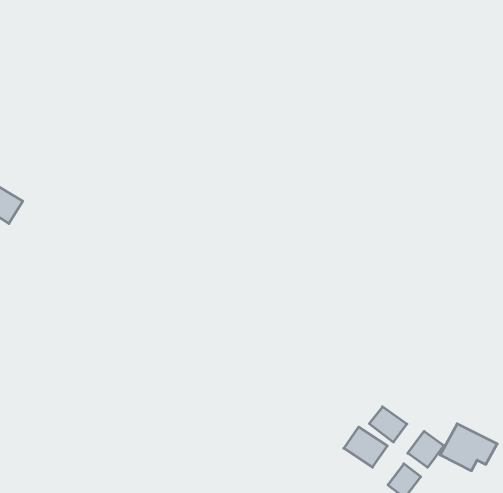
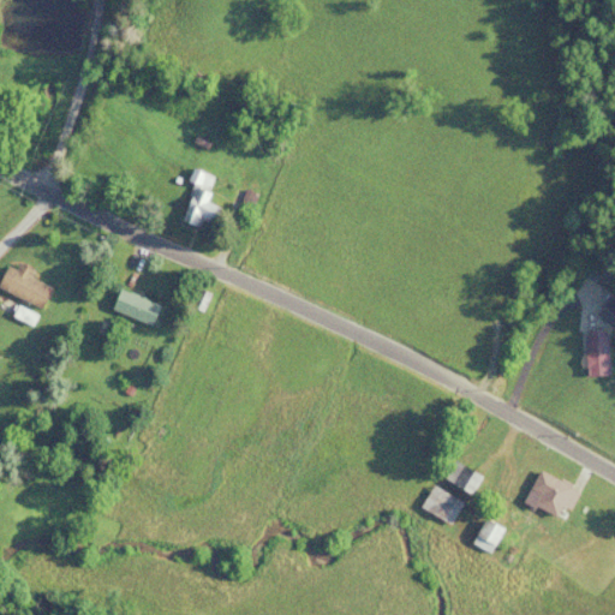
building: none -> [181,168,221,228]
building: none -> [111,286,162,327]
building: [408,431,444,467] -> none

